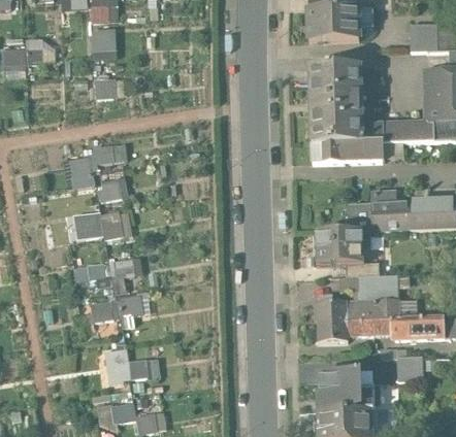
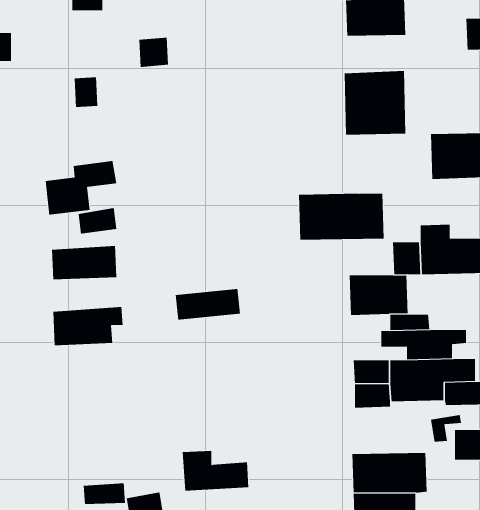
building: [91,26,116,51] -> [138,37,169,68]
building: [314,120,384,158] -> [298,193,384,240]
building: [89,295,142,321] -> [175,288,241,320]
building: [104,348,159,381] -> [182,451,249,491]

